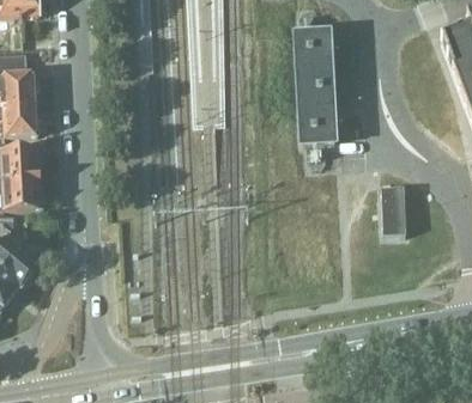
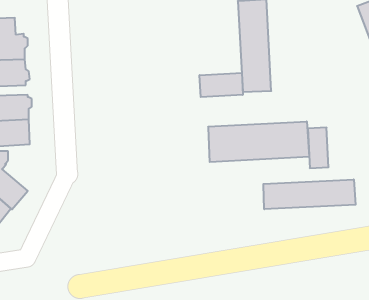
building: none -> [200,73,243,97]
building: none -> [208,121,309,162]
building: none -> [263,179,356,209]

